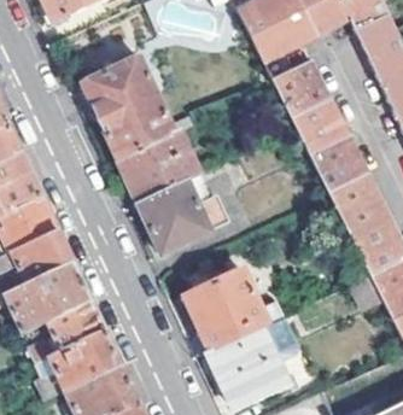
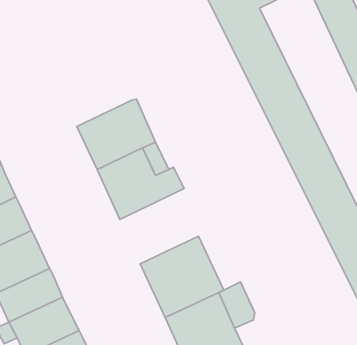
building: [82,57,174,160] -> none

